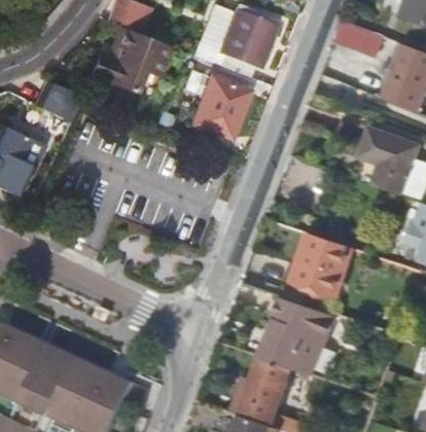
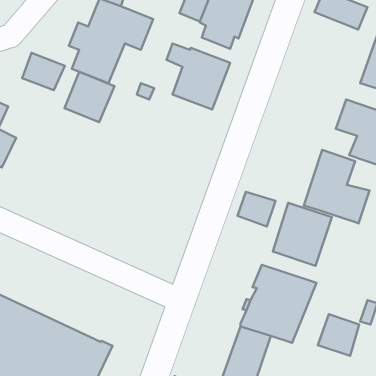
building: none -> [65,72,114,122]
building: none -> [304,150,370,223]
building: none -> [237,192,276,226]
building: none -> [318,314,359,356]

